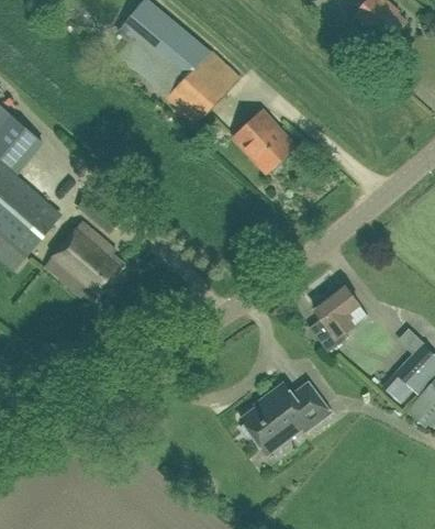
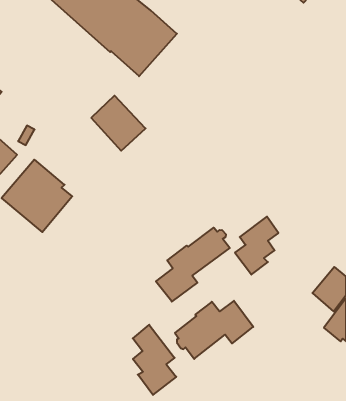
building: [233,110,294,173] -> [91,96,146,151]
building: none -> [156,228,230,302]
building: none -> [133,325,176,395]

